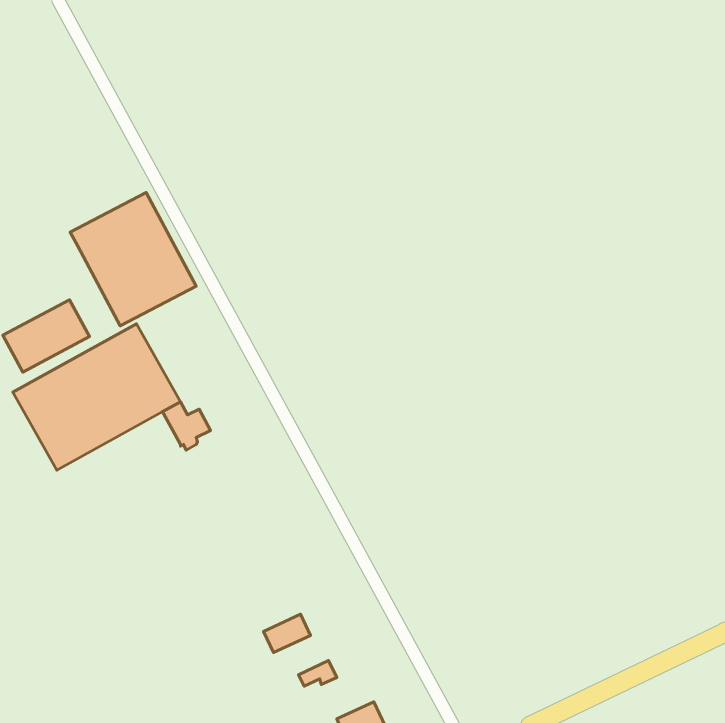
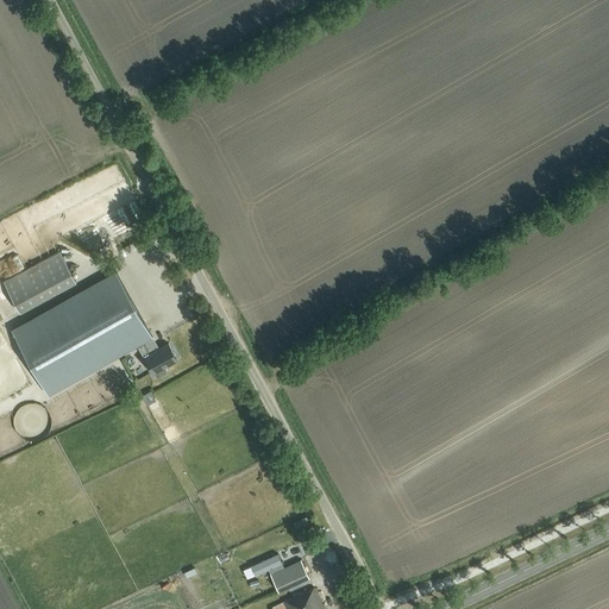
building: [70,193,196,326] -> none
building: [264,614,311,653] -> [269,561,308,594]

